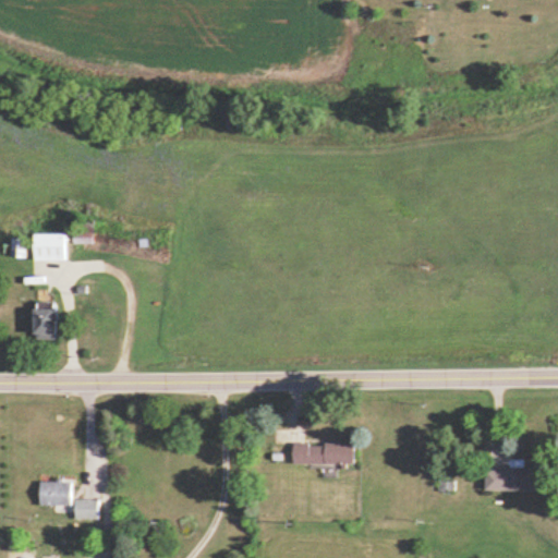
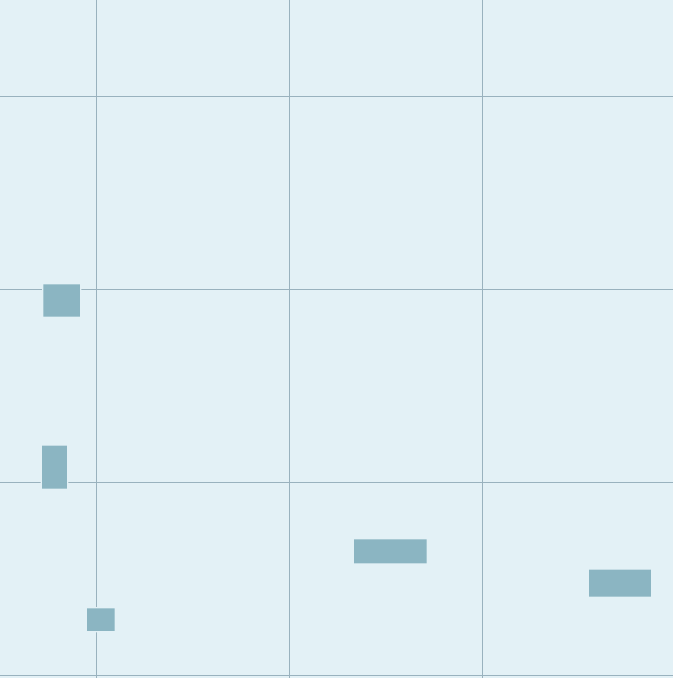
building: [34,303,56,339] -> [41,445,68,489]
building: [36,481,68,505] -> none

